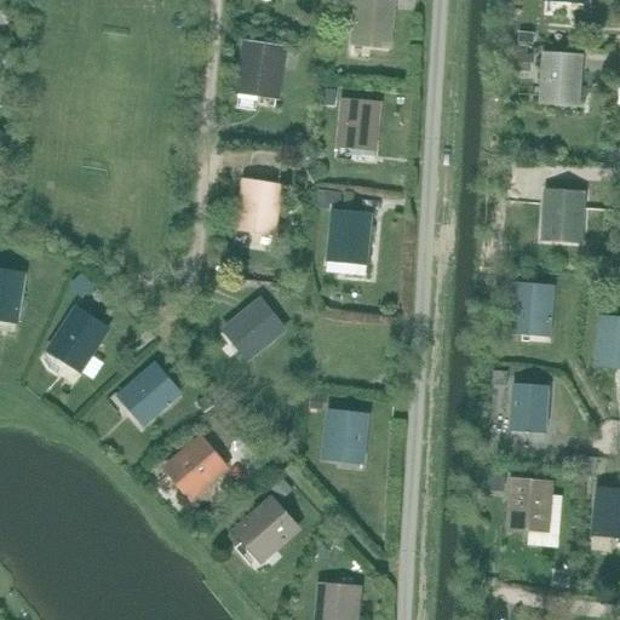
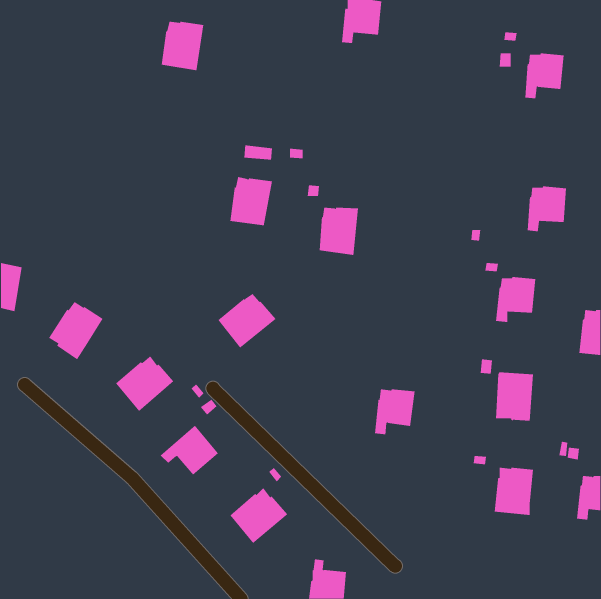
building: [239,45,283,96] -> [161,21,204,71]
building: [338,101,379,147] -> none
building: [325,412,367,459] -> [374,389,415,435]

